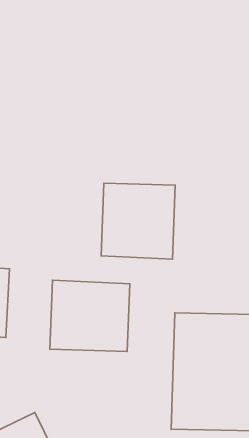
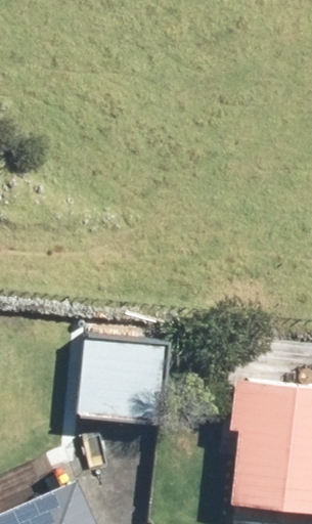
building: [101,183,175,259] -> none

